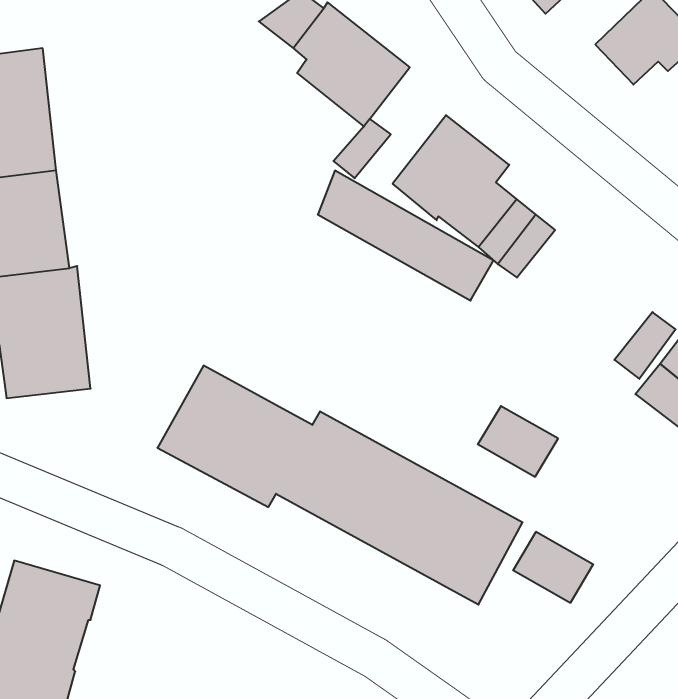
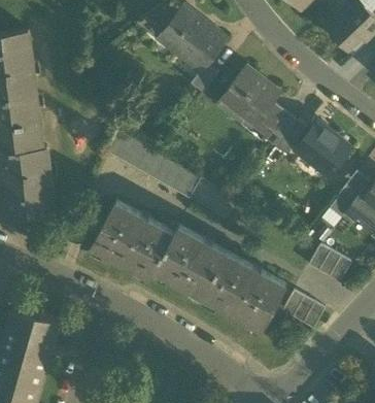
building: [318,171,494,301] -> [108,129,203,199]
building: none -> [296,122,352,177]
building: [478,406,558,477] -> [309,245,352,283]

